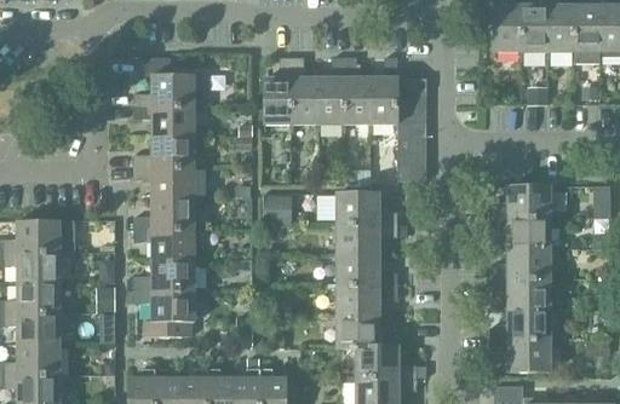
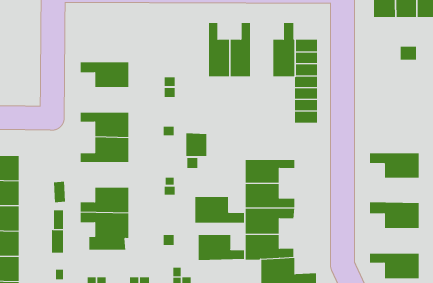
building: [134,58,208,106] -> none
building: [265,58,292,125] -> none
building: [344,58,371,125] -> none
building: [134,138,195,168] -> none
building: [489,186,551,218] -> none
building: [337,194,398,226] -> [194,197,245,223]
building: [134,230,195,260] -> none
building: [489,249,551,279] -> none
building: [489,311,551,341] -> none
building: none -> [198,234,245,261]

